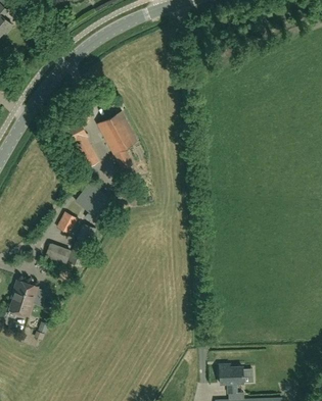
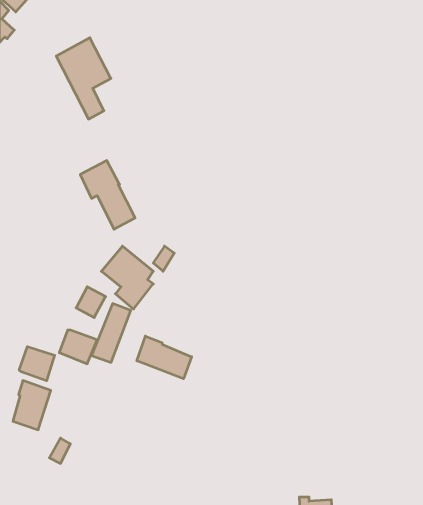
building: [98,111,138,170] -> [56,38,111,119]
building: none -> [137,336,192,379]
building: none -> [19,347,55,381]

